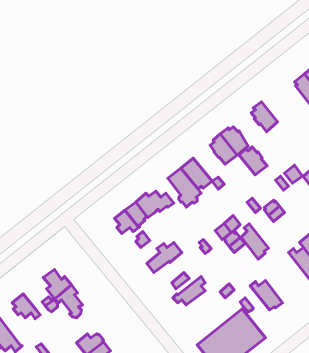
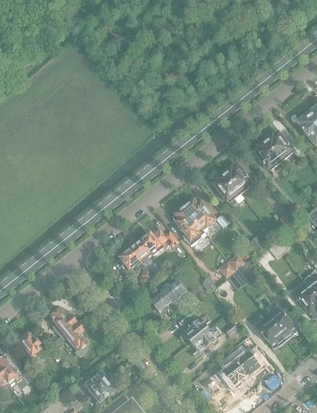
building: [239,147,267,175] -> [265,132,293,160]
building: [241,224,268,259] -> [269,305,296,340]
building: none -> [190,324,221,357]

